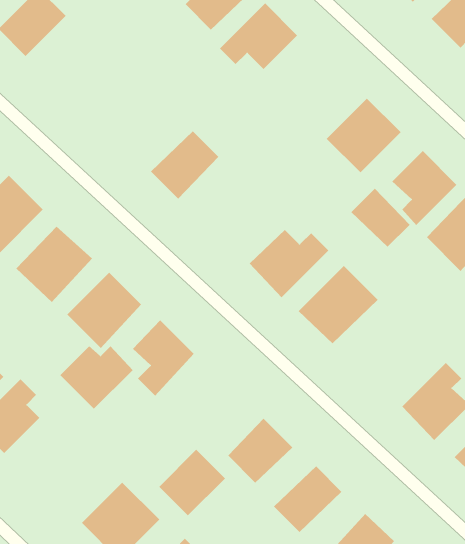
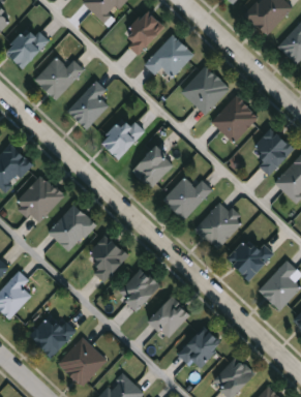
building: none -> [34,58,84,100]
building: none -> [181,66,230,114]
building: none -> [66,82,109,129]
building: none -> [131,146,174,189]
building: [351,188,410,248] -> none
building: none -> [227,240,274,281]
building: [59,346,133,410] -> [29,317,76,358]
building: [158,449,226,516] -> [118,269,160,311]

